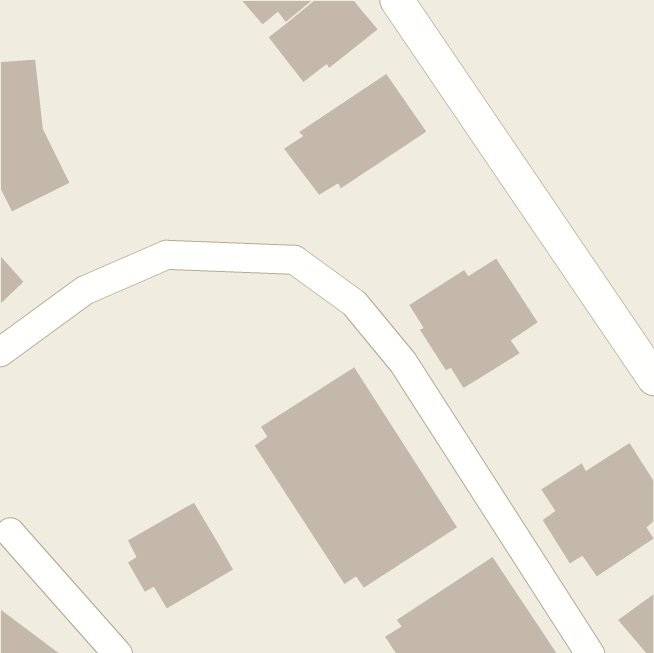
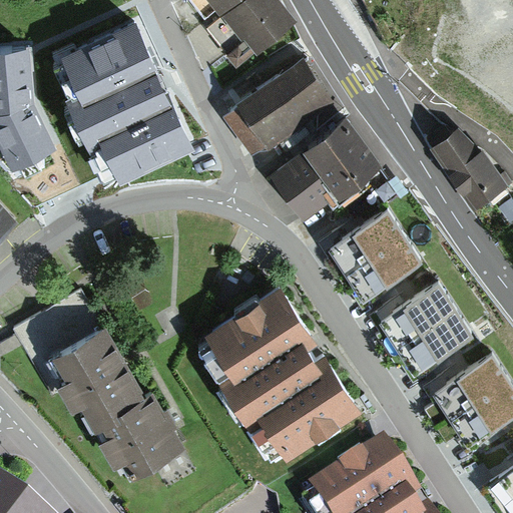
building: none -> [46,22,194,185]
building: none -> [426,121,507,205]
building: none -> [272,123,381,221]
building: none -> [371,276,473,379]
building: none -> [52,326,144,427]

